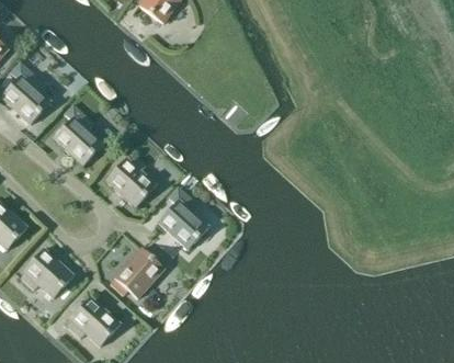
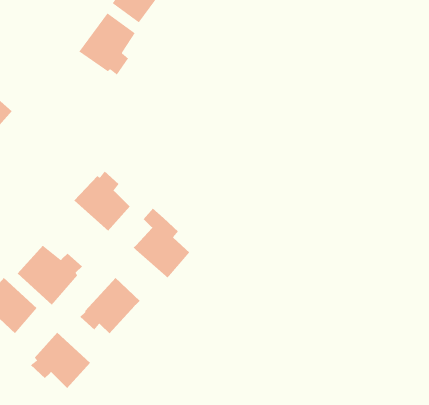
building: none -> [79,12,136,76]
building: [52,105,103,166] -> none
building: none -> [17,245,83,305]

